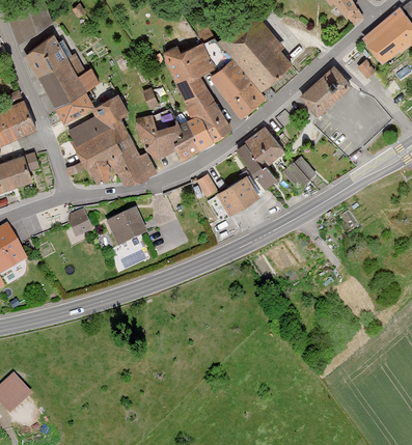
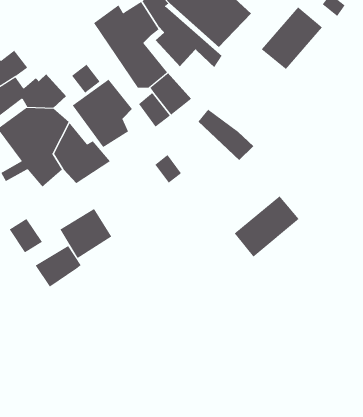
building: [228,89,257,119] -> none
building: [247,122,287,163] -> none
building: [174,128,200,161] -> none
building: [281,156,314,190] -> none
building: [204,175,262,224] -> [234,196,299,258]
building: none -> [35,245,82,287]

